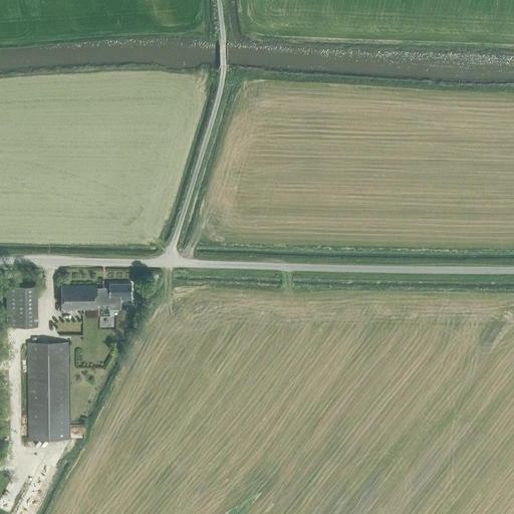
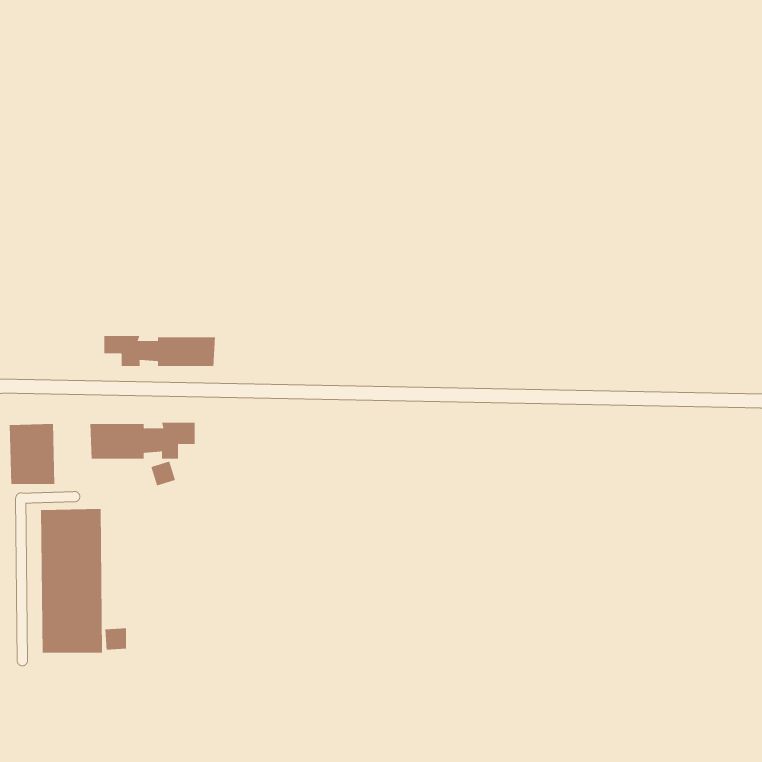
building: none -> [104,335,216,367]

